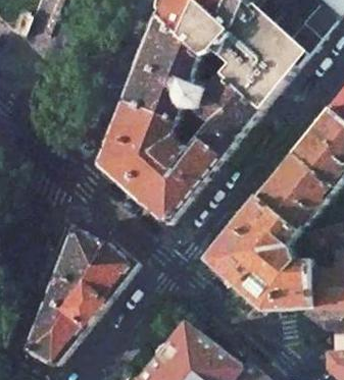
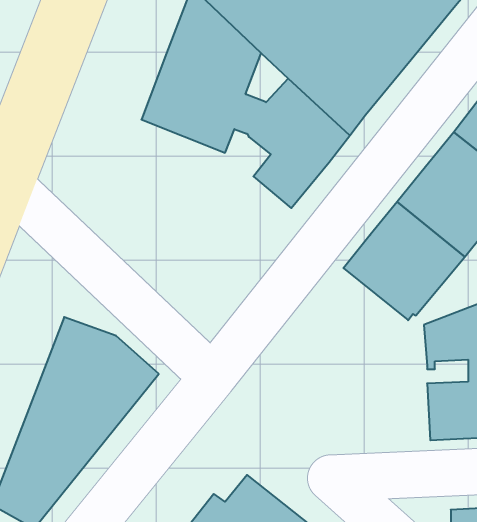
building: [100,100,222,222] -> none
building: [205,196,311,309] -> none

